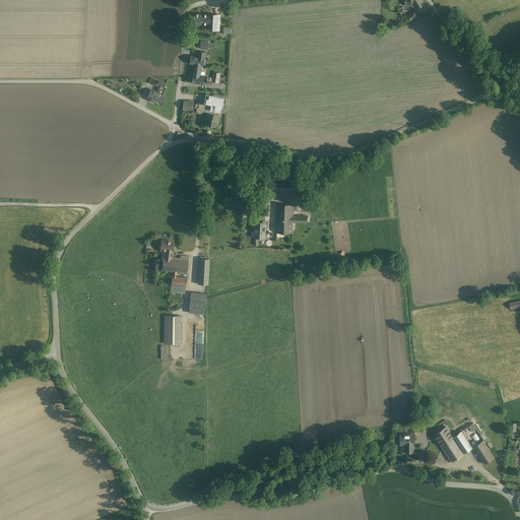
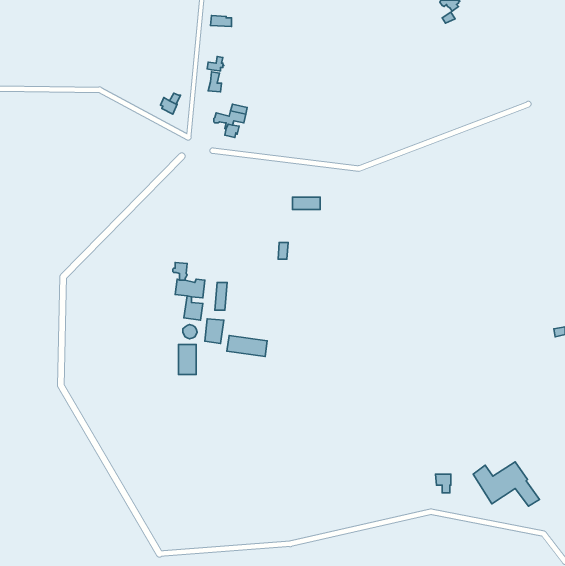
building: [276,204,292,234] -> none
building: none -> [227,335,267,356]

